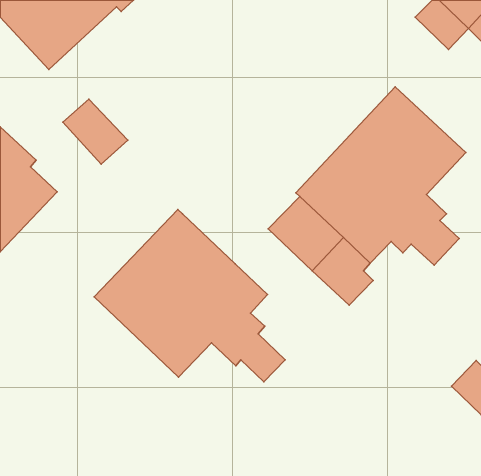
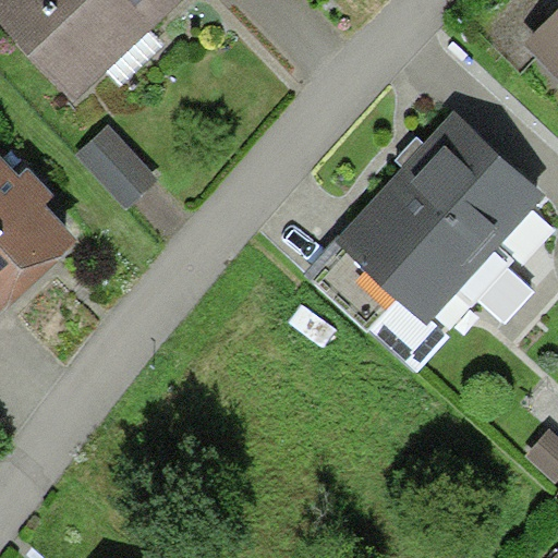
building: [94,209,285,382] -> none

